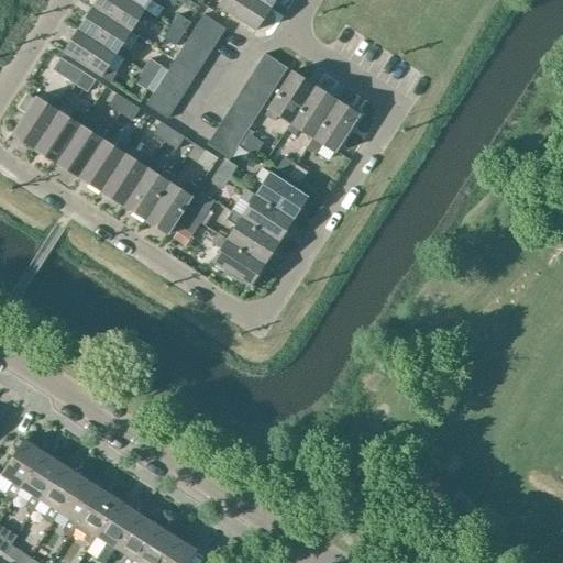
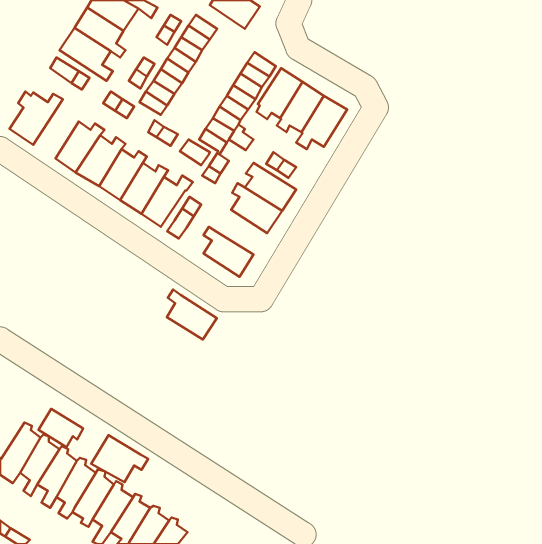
building: [36,109,89,164] -> none
building: [227,211,278,263] -> [167,289,217,339]
building: none -> [38,409,83,447]
building: none -> [91,435,148,482]

